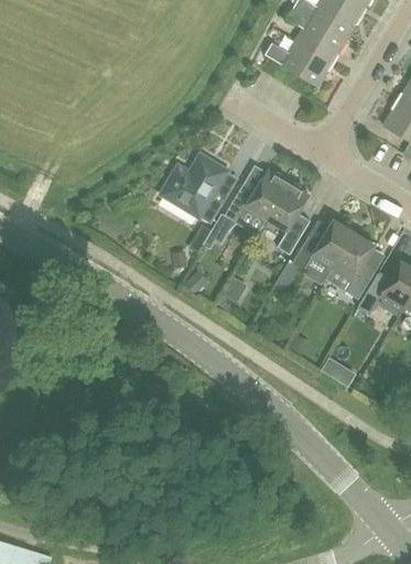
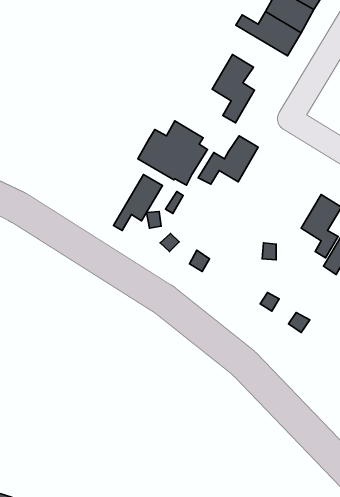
building: [267,183,311,254] -> [212,54,254,123]
building: none -> [114,174,162,230]
building: [292,220,354,284] -> none

